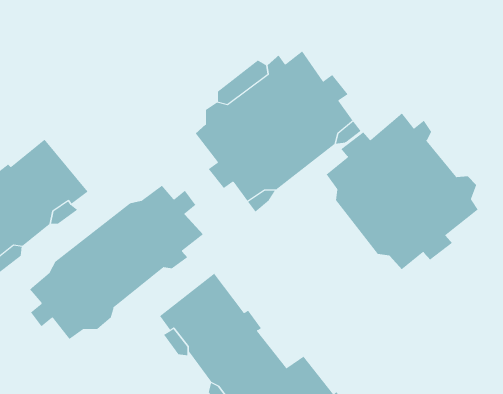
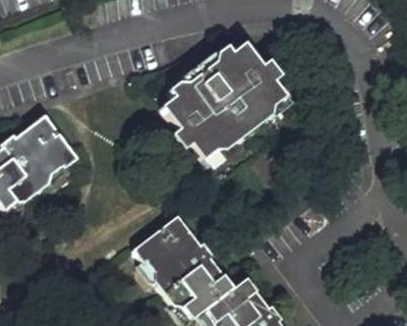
building: [326,112,479,270] -> none
building: [29,185,204,340] -> none

